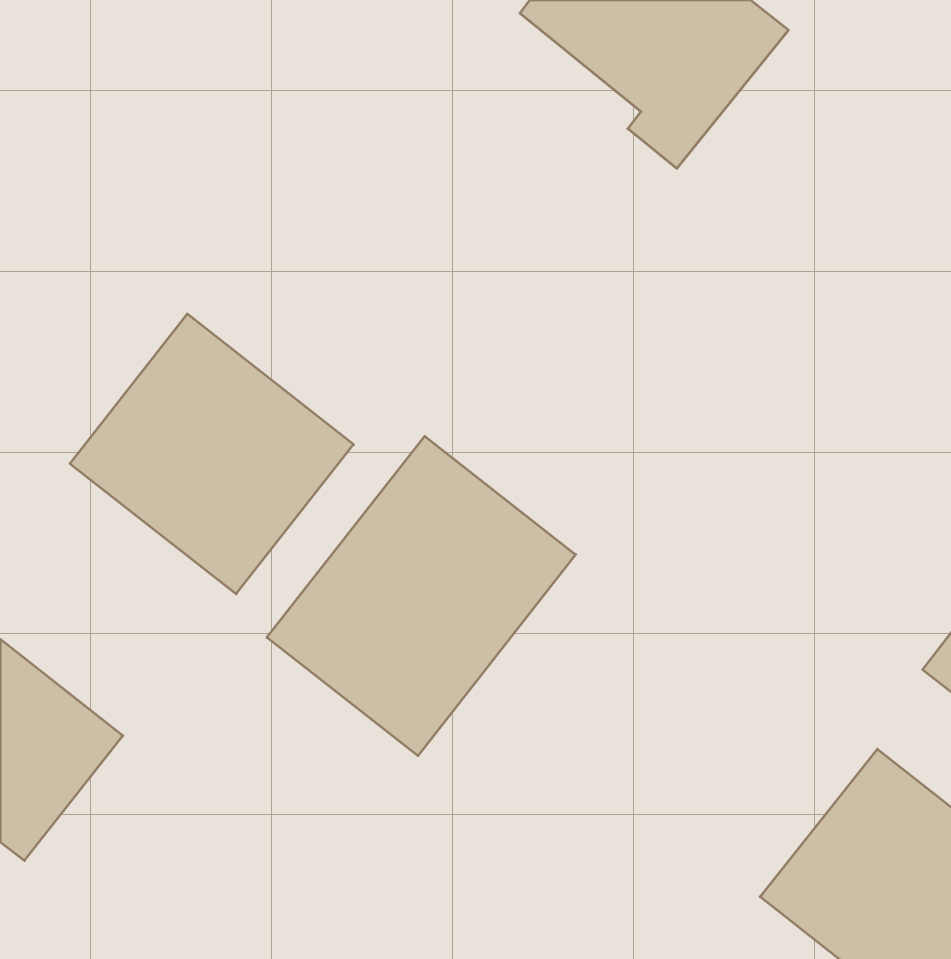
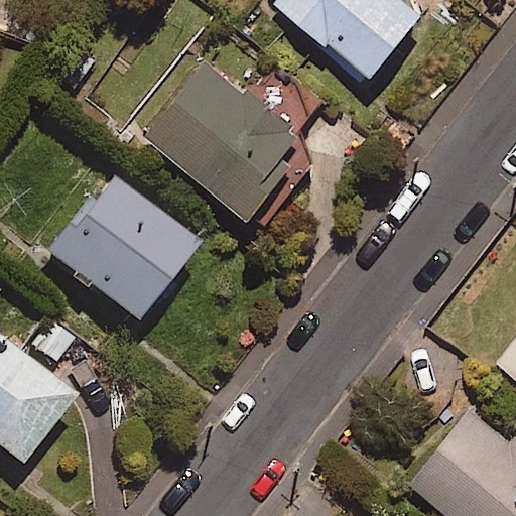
building: none -> [141,53,308,214]
building: [267,436,576,756] -> none

